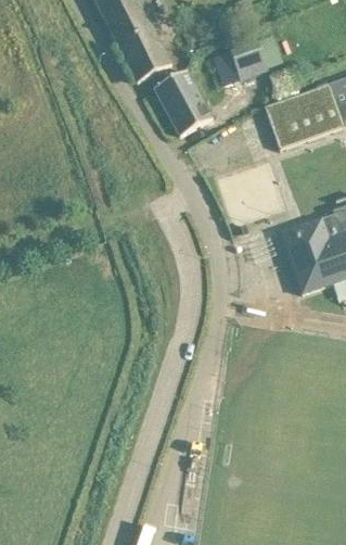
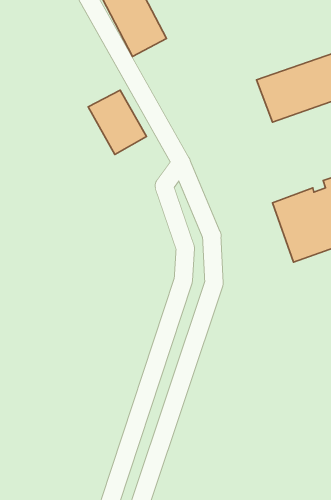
building: [213,41,270,90] -> none
building: [154,69,214,136] -> [88,90,147,155]

